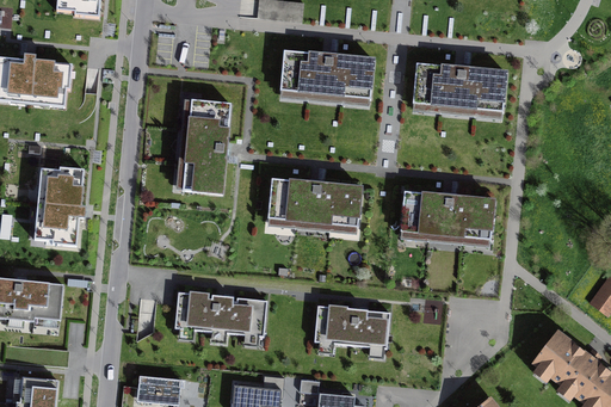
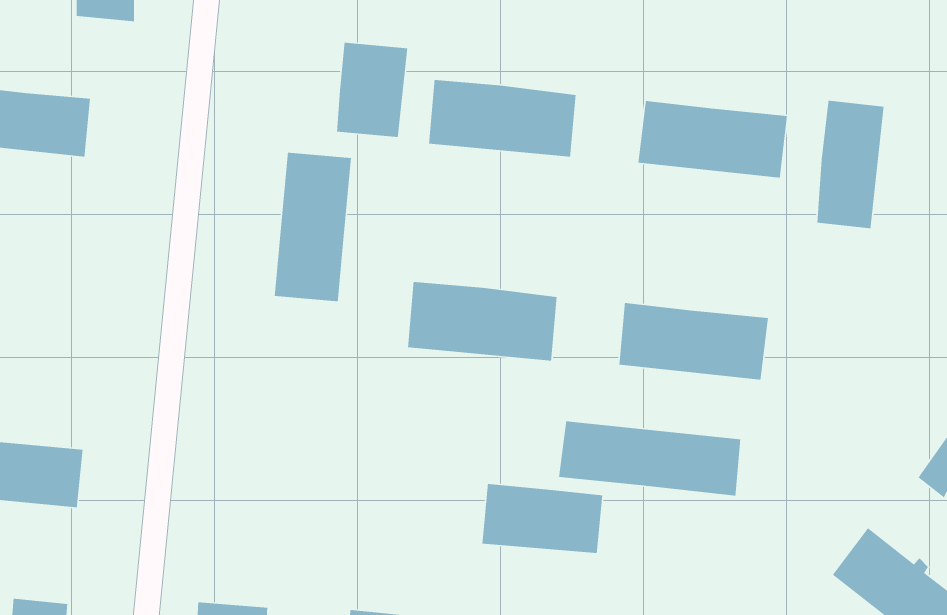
building: none -> [336,42,408,138]
building: none -> [816,100,884,229]
building: [38,164,82,246] -> none
building: none -> [558,421,741,496]
building: [175,292,267,337] -> none

